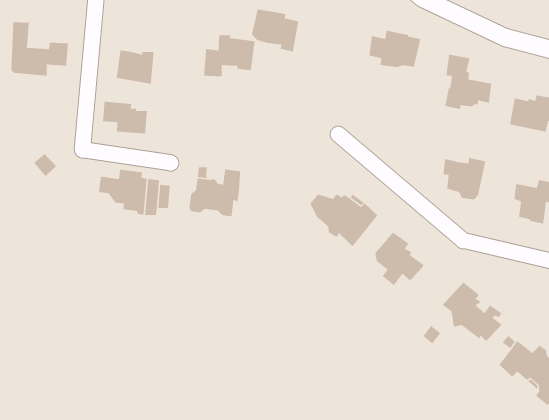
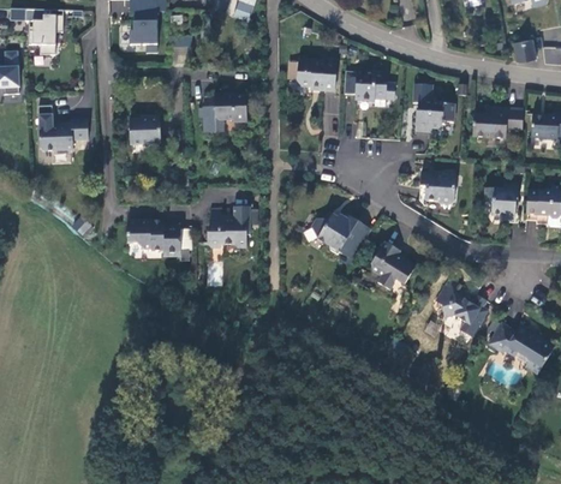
building: [251,8,299,52] -> [296,60,335,94]
building: [102,101,148,134] -> none

